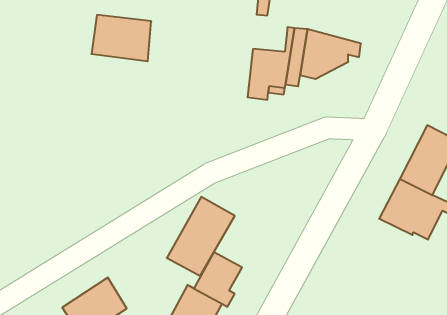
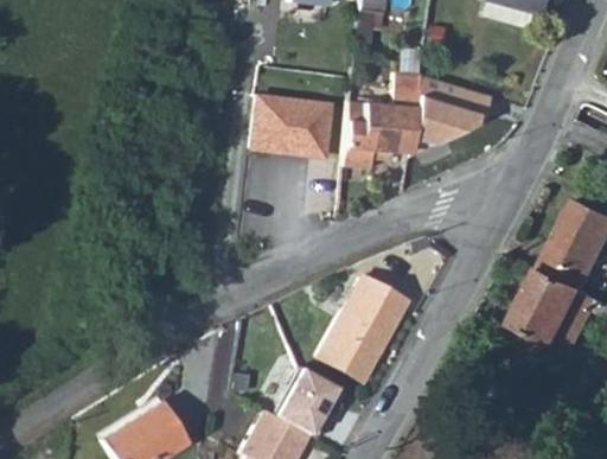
building: [91,15,151,61] -> [253,96,331,157]
building: [167,197,235,276] -> [321,276,410,380]

